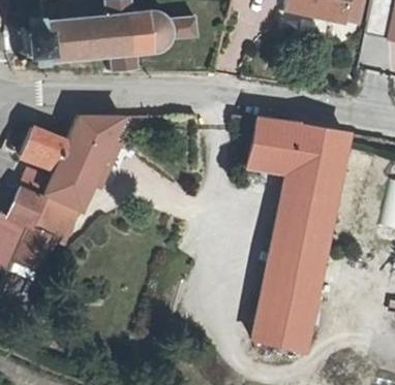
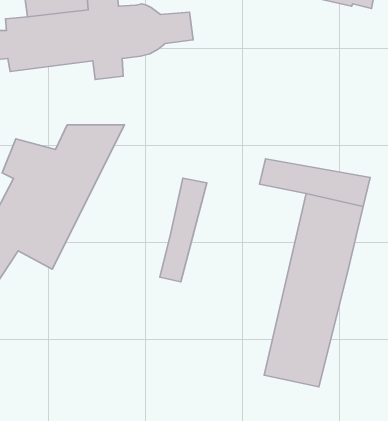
building: [255,123,354,160] -> none
building: none -> [160,178,207,282]

